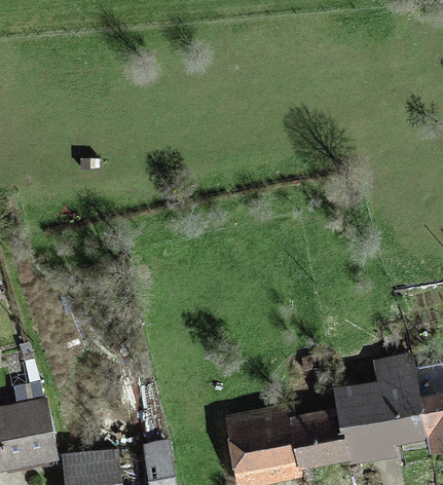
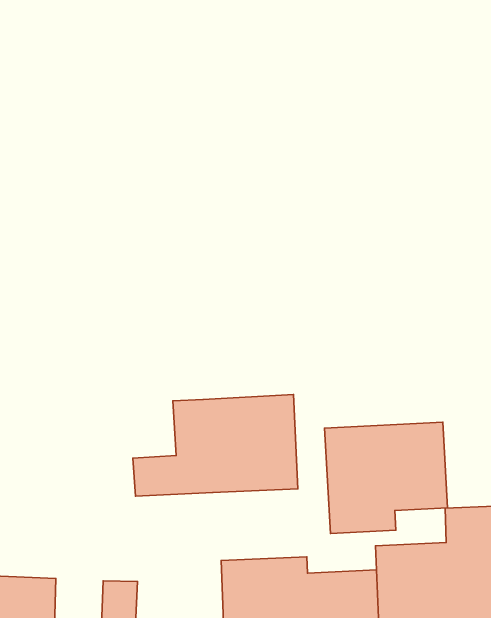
building: none -> [133,395,298,496]
building: none -> [325,422,448,533]

